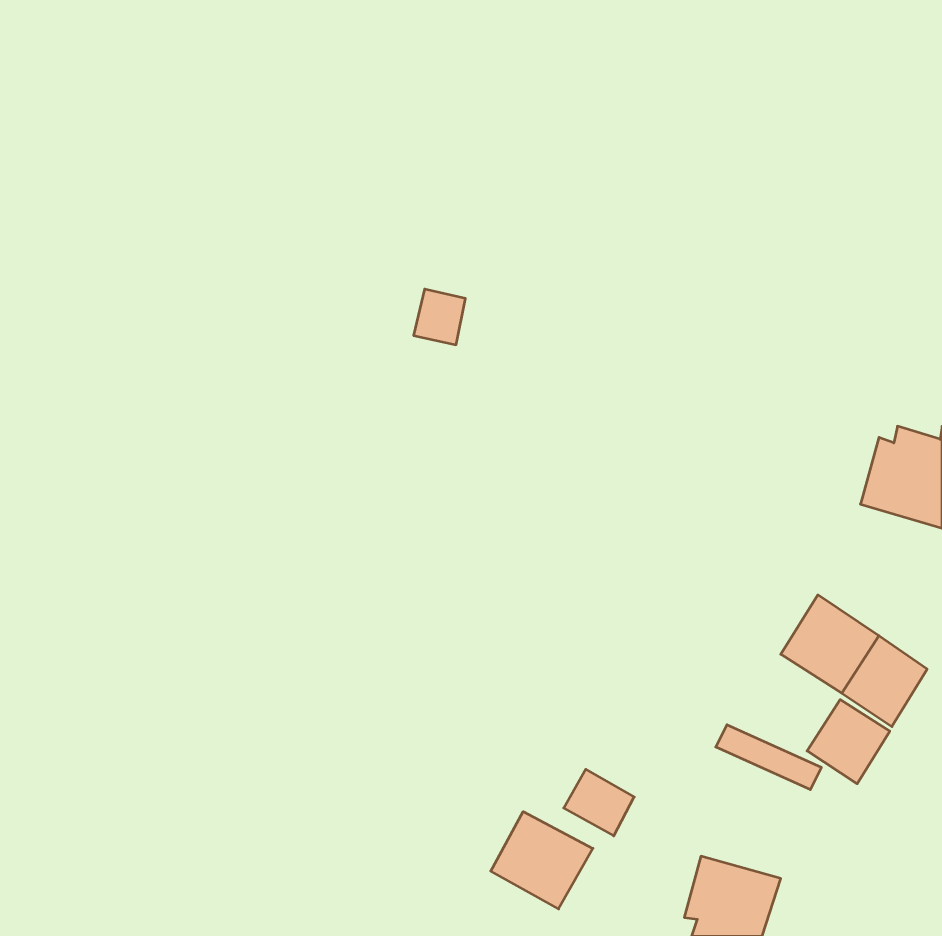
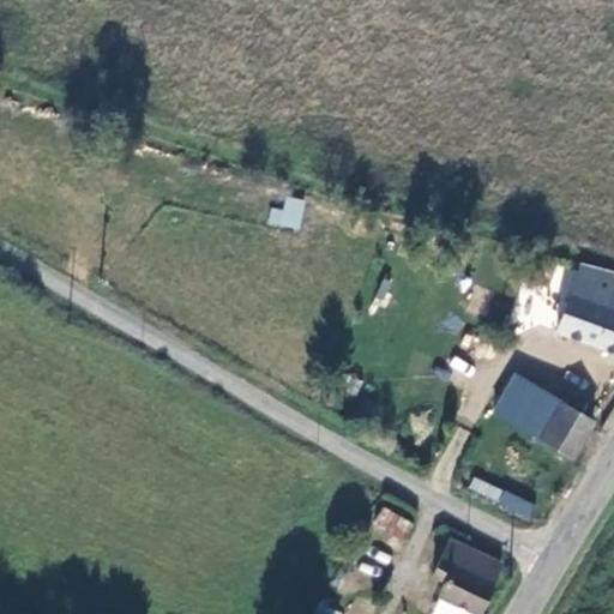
building: [807,700,890,784] -> none
building: [491,812,593,909] -> none

